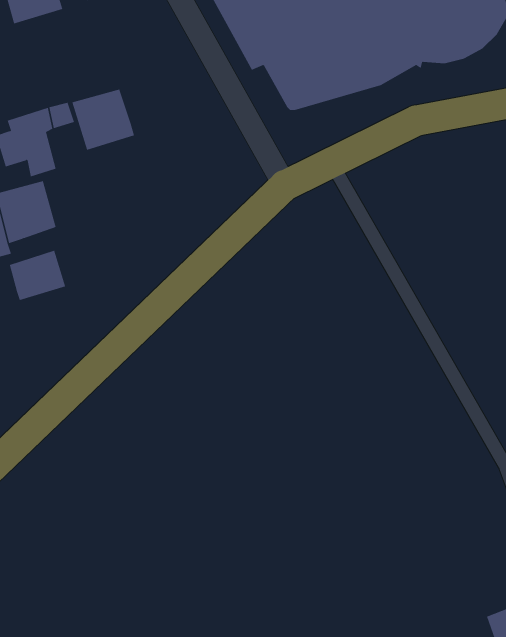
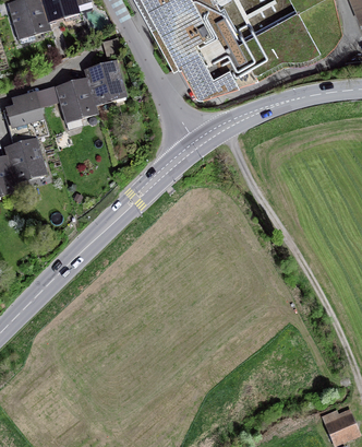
building: none -> [84,62,125,103]
building: [9,250,66,301] -> none

